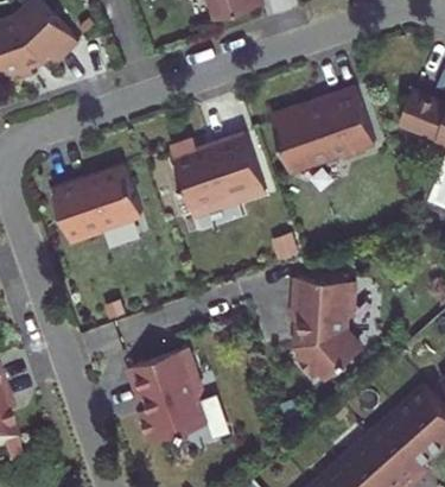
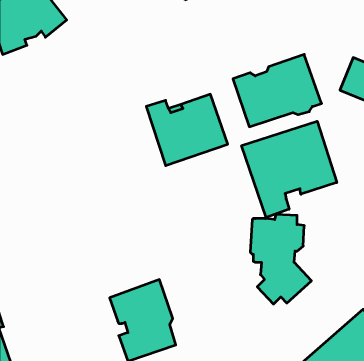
building: none -> [242,121,337,217]
building: [53,165,142,242] -> none

